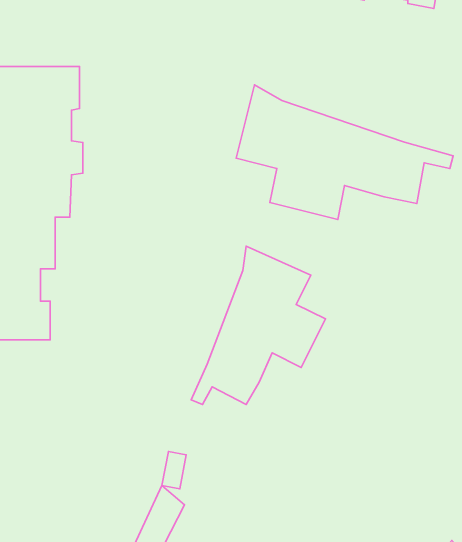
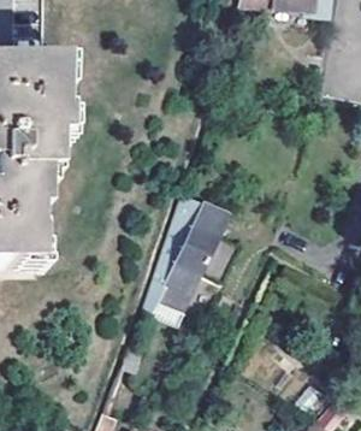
building: [236,85,453,220] -> none

